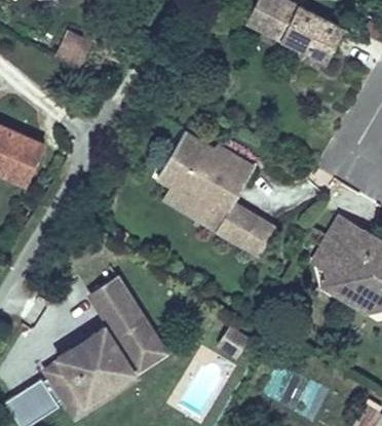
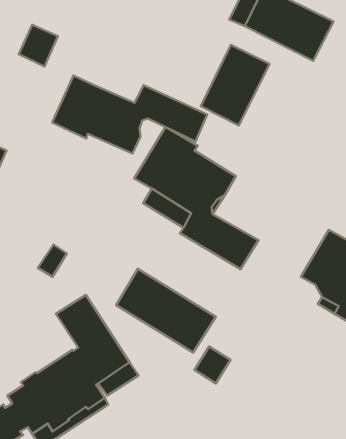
building: none -> [201,45,270,126]
building: none -> [52,75,207,154]
building: none -> [116,269,216,352]

